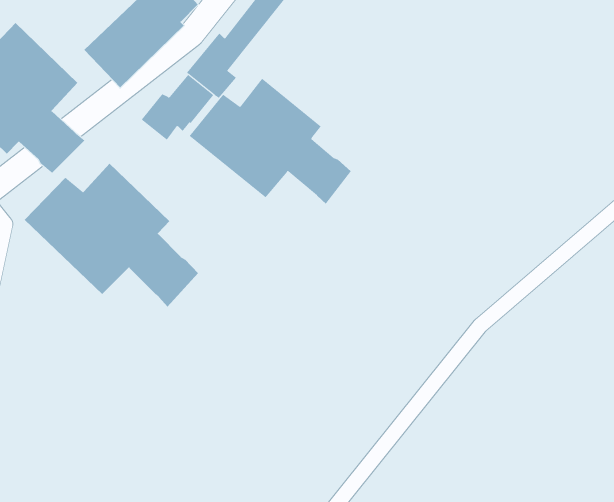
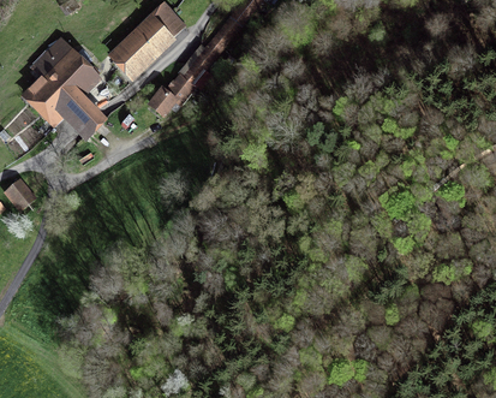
building: [189,78,352,205] -> none
building: [24,163,199,307] -> none

